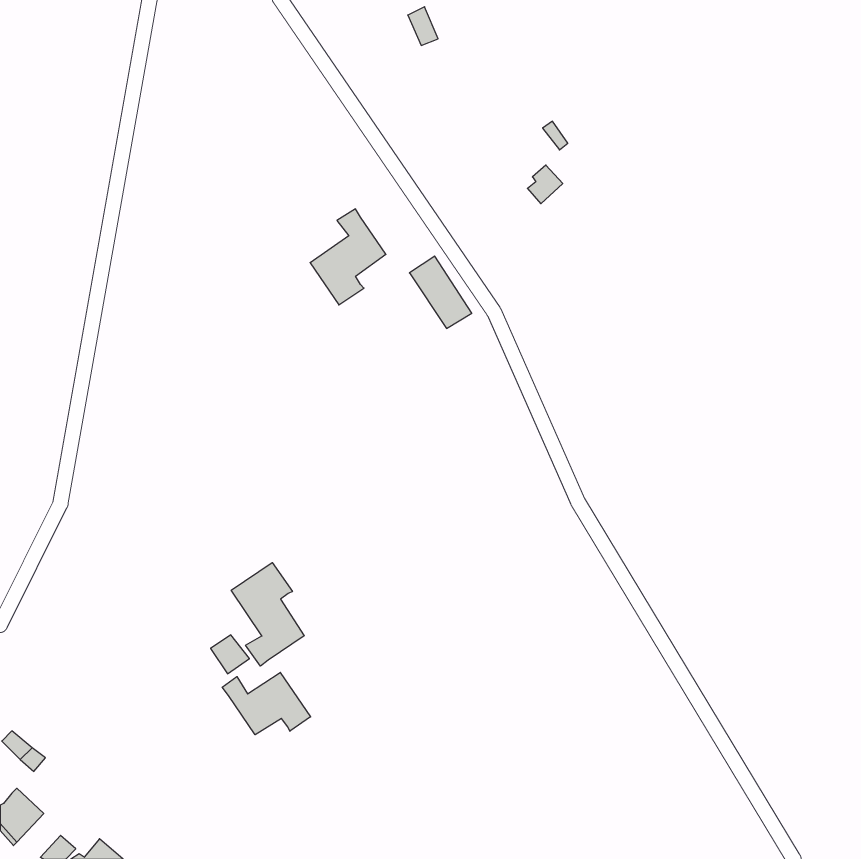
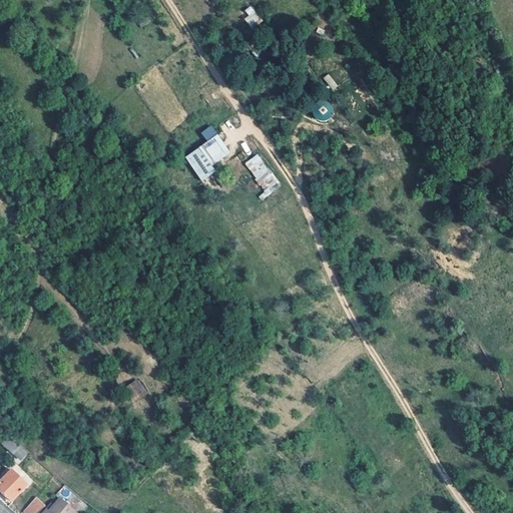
building: [231,563,304,666] -> none
building: [222,672,311,735] -> none

